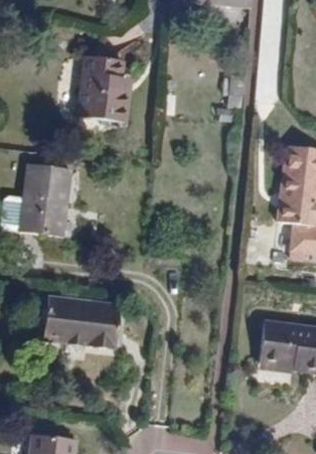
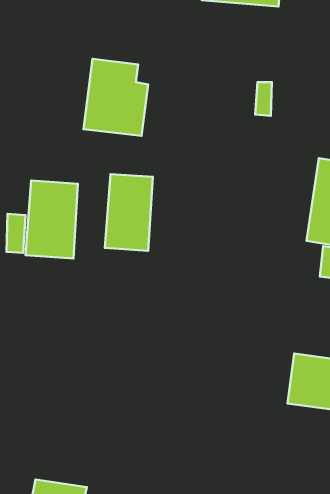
building: none -> [105,174,153,251]
building: [42,297,121,350] -> none

